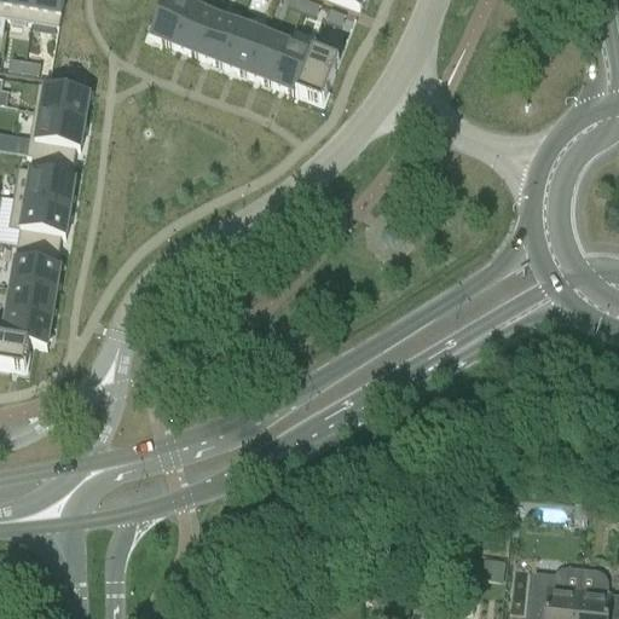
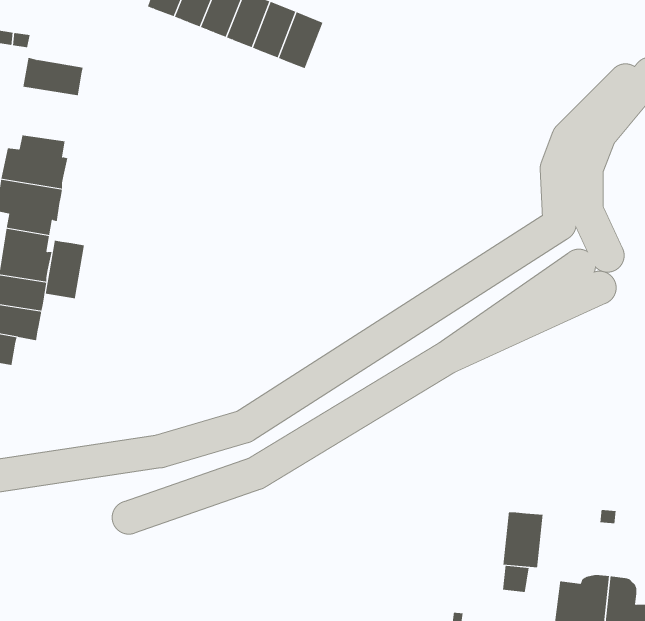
building: [296,36,342,100] -> none
building: [25,108,85,158] -> none
building: none -> [45,240,84,299]
building: none -> [503,511,543,568]

